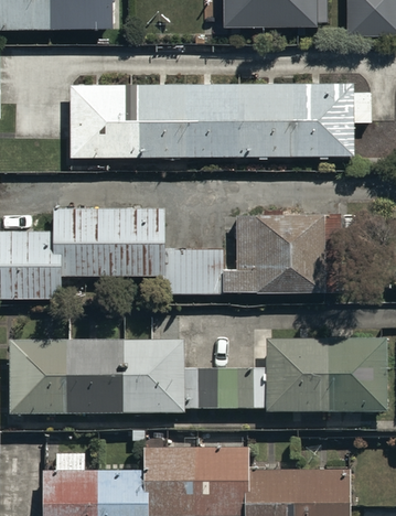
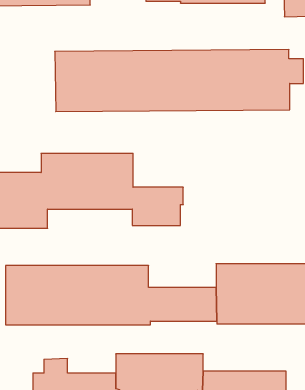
building: [222,213,341,288] -> none

